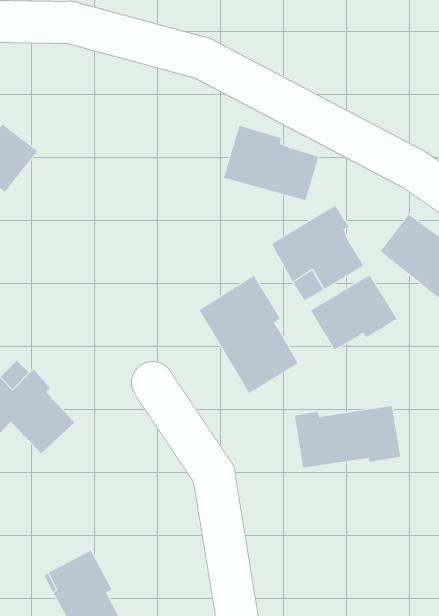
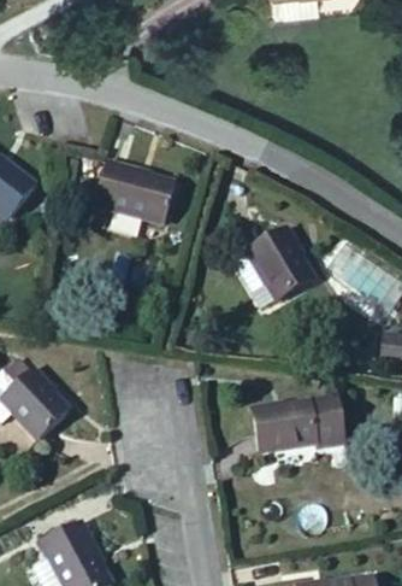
building: [223,125,319,201] -> [94,158,175,222]
building: [310,275,398,350] -> none
building: [199,275,298,394] -> none

